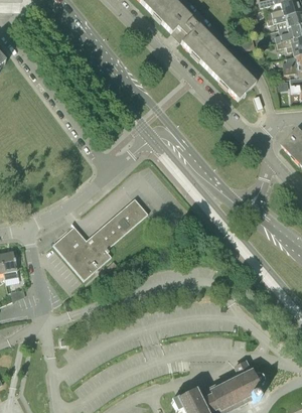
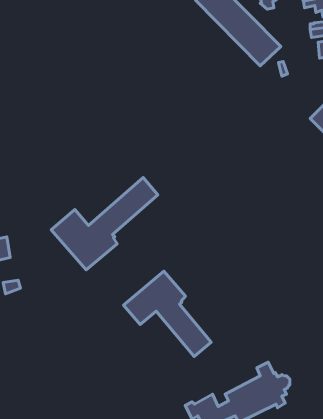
building: none -> [124,271,211,357]

